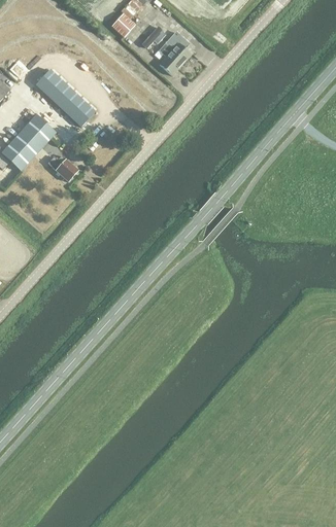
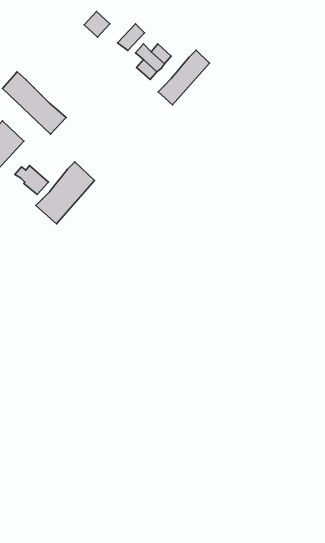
building: none -> [158,50,210,105]
building: none -> [36,162,95,224]

